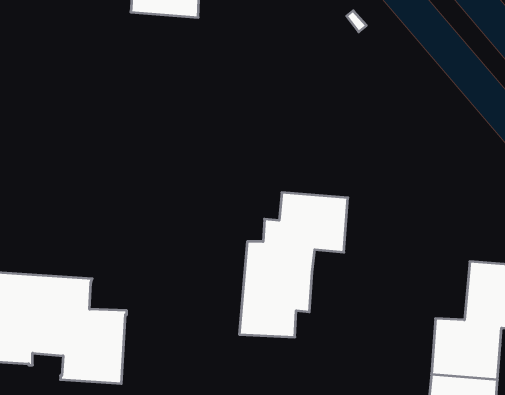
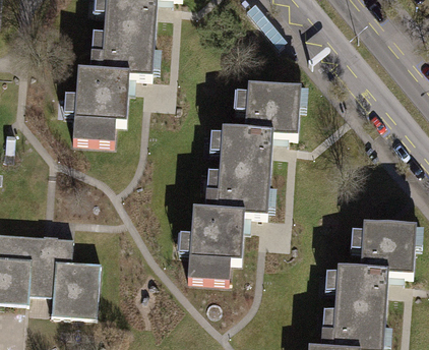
building: none -> [71,31,155,142]
building: none -> [219,82,300,173]

